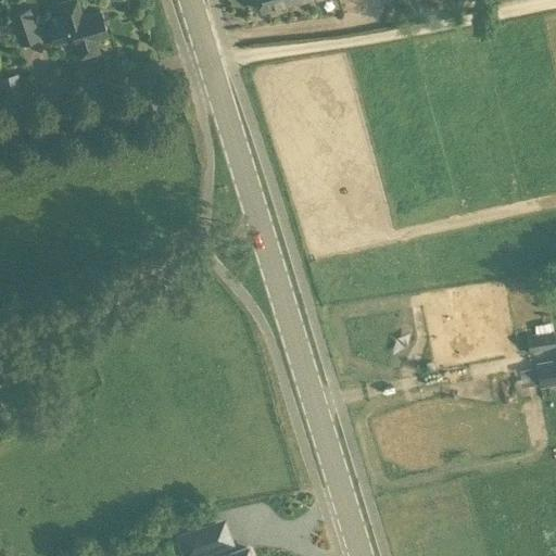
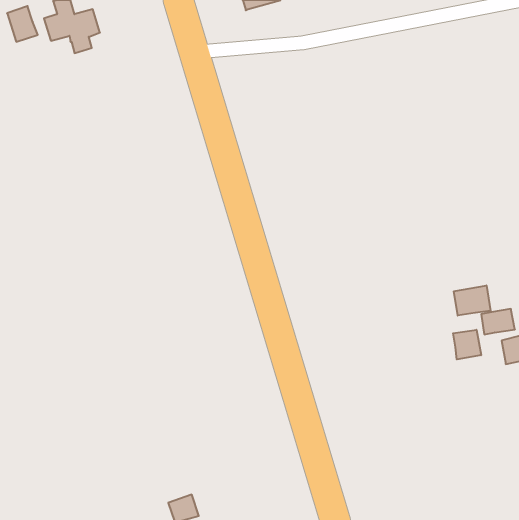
building: none -> [454,285,491,316]
building: none -> [453,330,481,359]

